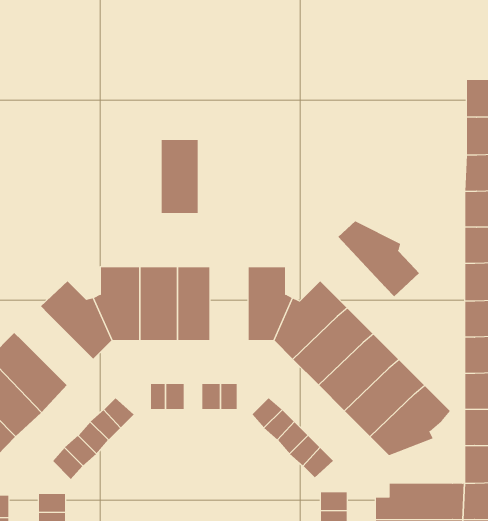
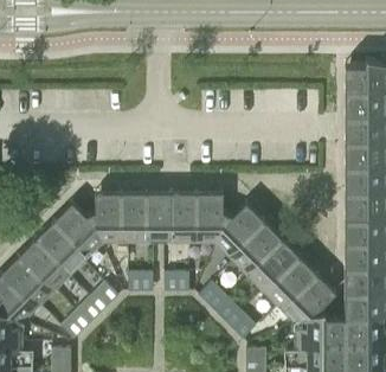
building: [161,140,199,214] -> [169,192,195,243]
building: [337,220,420,297] -> none
building: none -> [34,219,89,274]
building: none -> [292,310,345,341]

